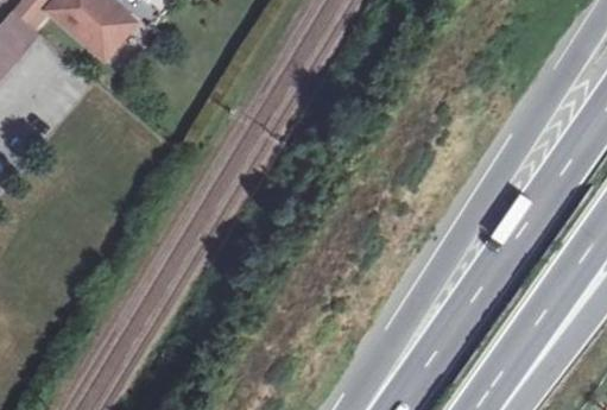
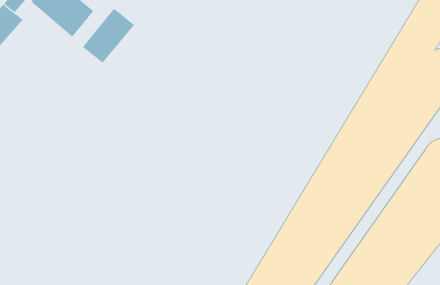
building: none -> [82,8,135,64]

